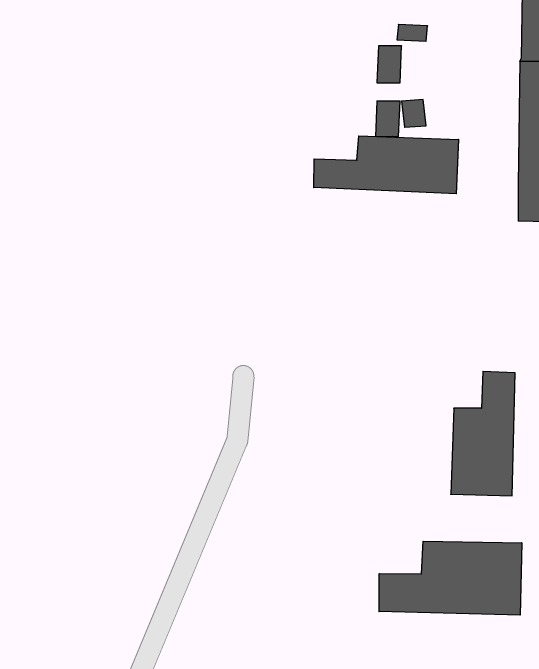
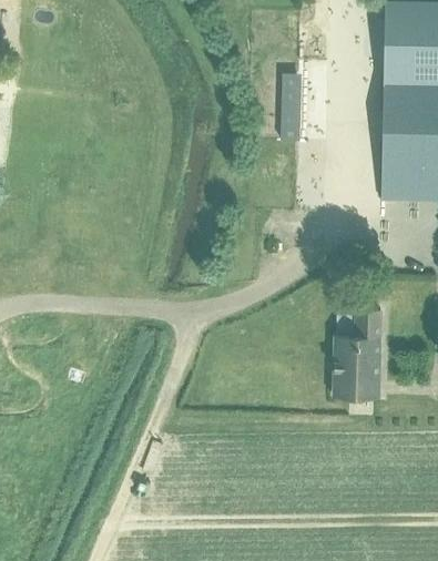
building: [314,136,459,194] -> none
building: [379,541,522,615] -> none

